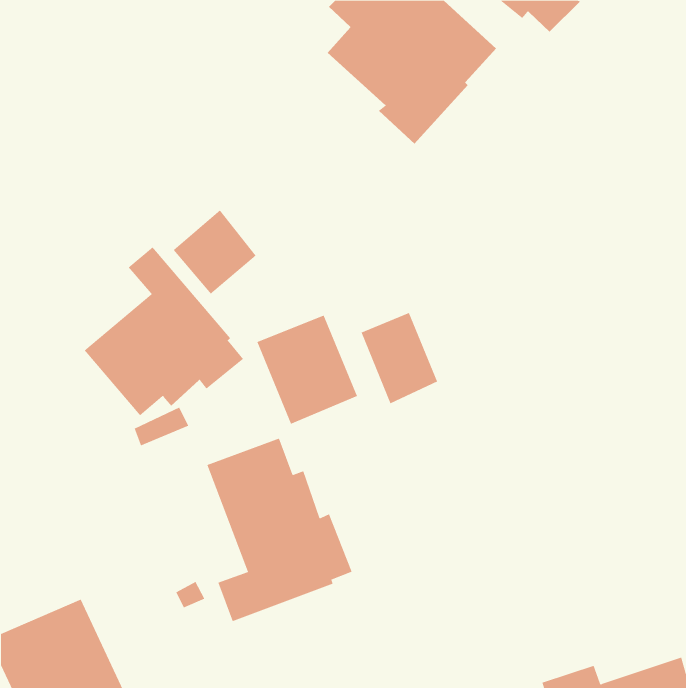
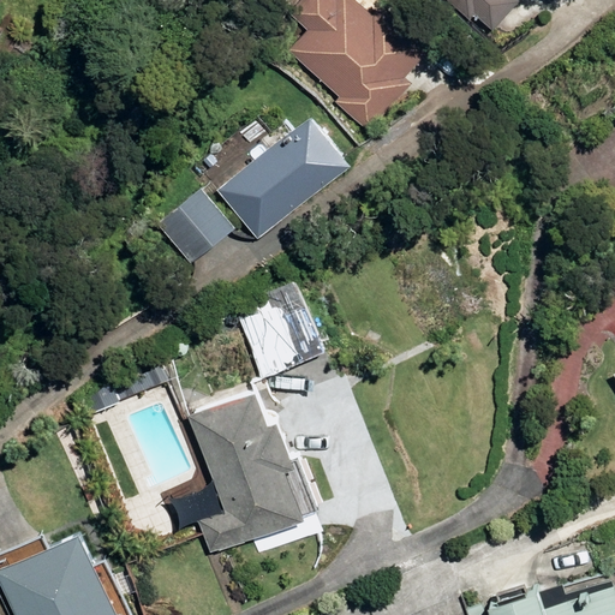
building: none -> [216,115,347,239]
building: [84,246,244,416] -> none
building: [361,312,438,404] -> none

